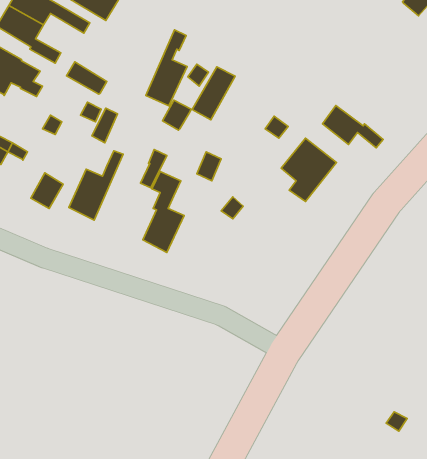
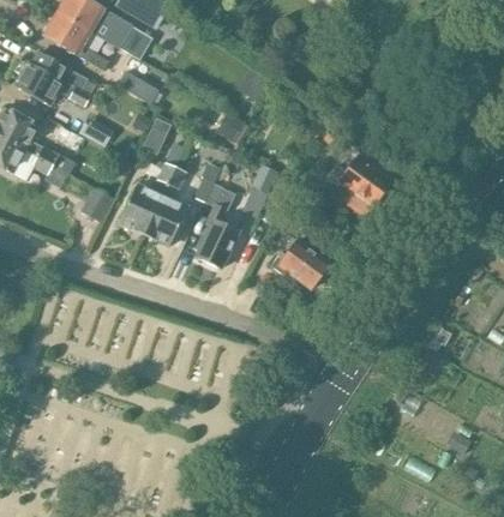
building: [146,30,187,106] -> [145,166,188,245]
building: [192,67,235,120] -> none
building: [322,105,383,148] -> none
building: none -> [271,239,330,288]

